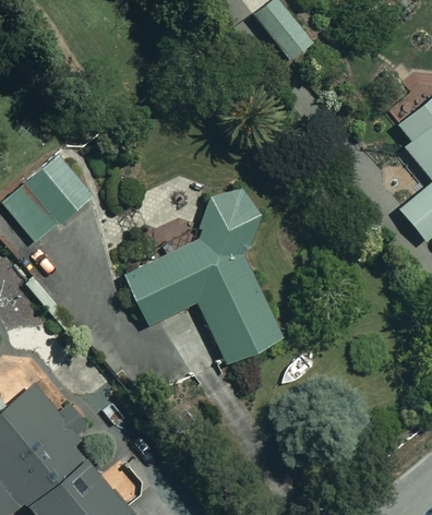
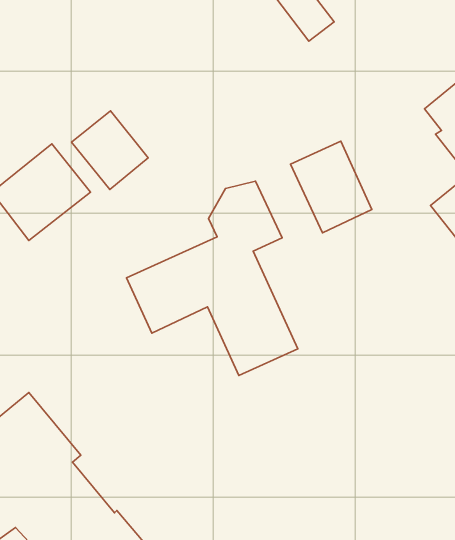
building: none -> [71,111,148,189]
building: none -> [290,141,372,233]

